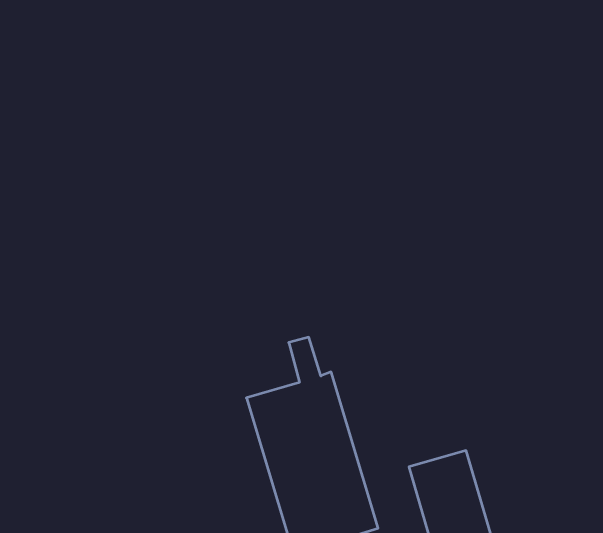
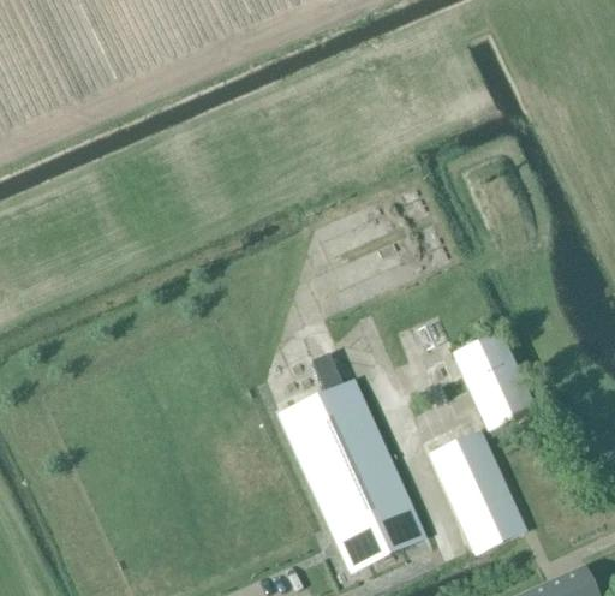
building: none -> [455,335,533,430]

